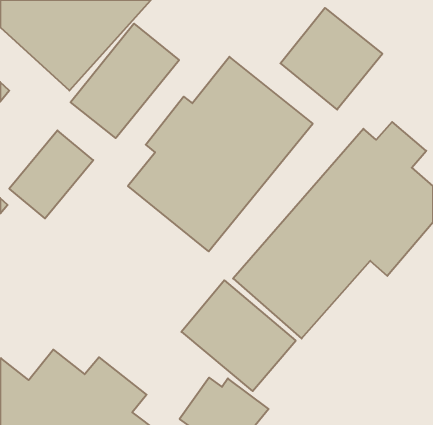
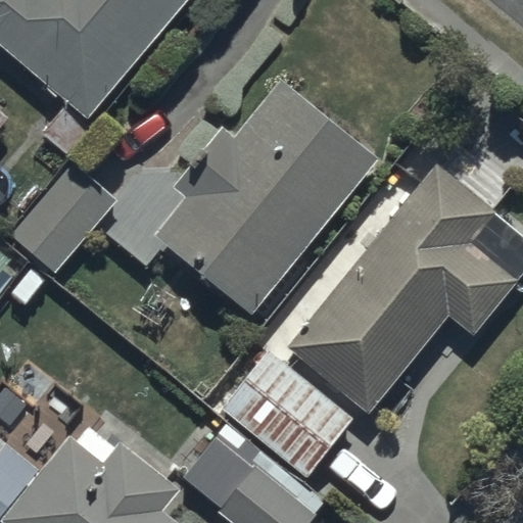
building: [280,8,382,110] -> none
building: [71,24,179,138] -> none

